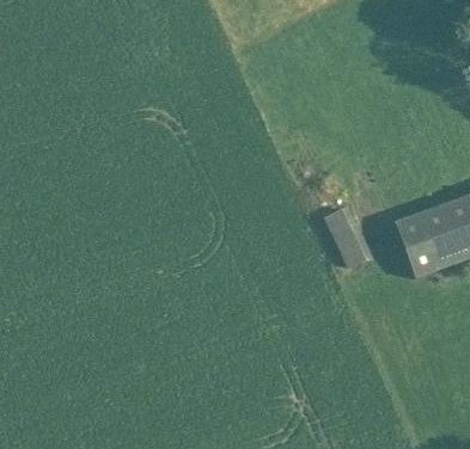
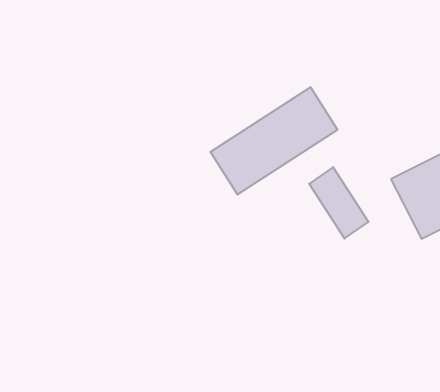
building: none -> [210,87,337,195]

